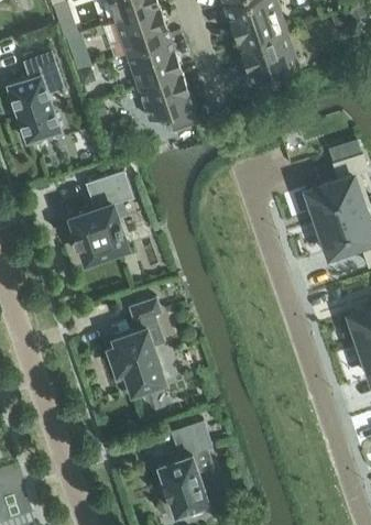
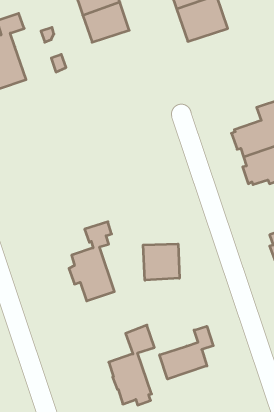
building: [138,72,197,131] -> none
building: [70,169,133,260] -> none
building: none -> [143,244,179,280]
building: none -> [160,326,213,379]

